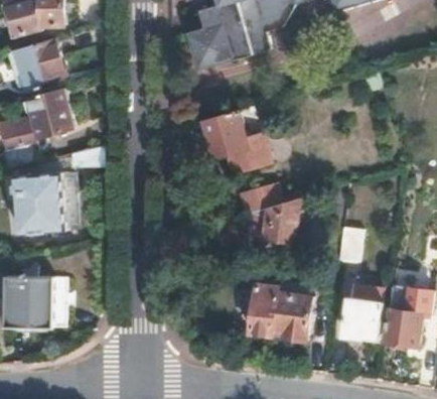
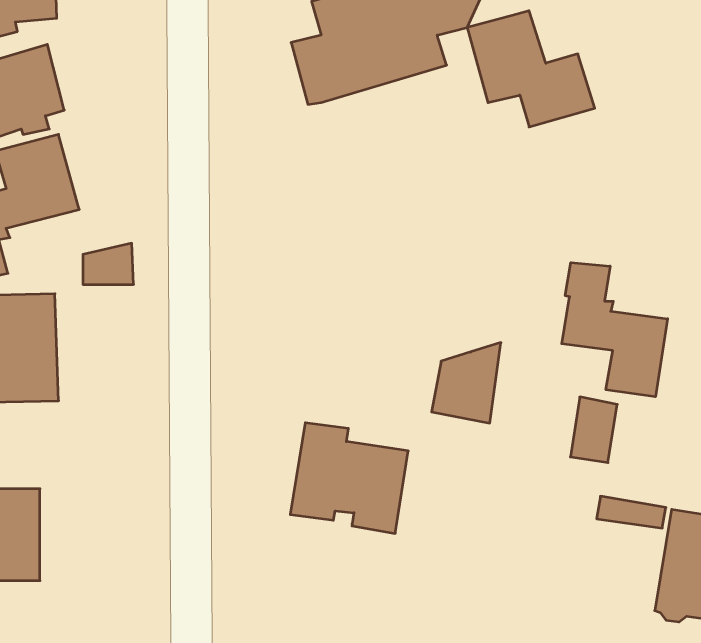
building: [203,111,272,173] -> [467,11,595,127]
building: none -> [562,263,668,397]
building: [241,182,284,214] -> none
building: [248,280,311,340] -> [290,423,408,533]
building: [340,298,384,340] -> none

